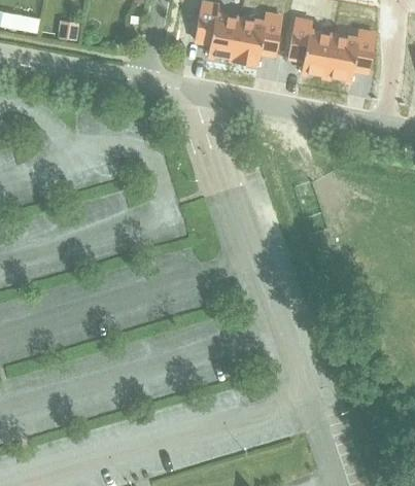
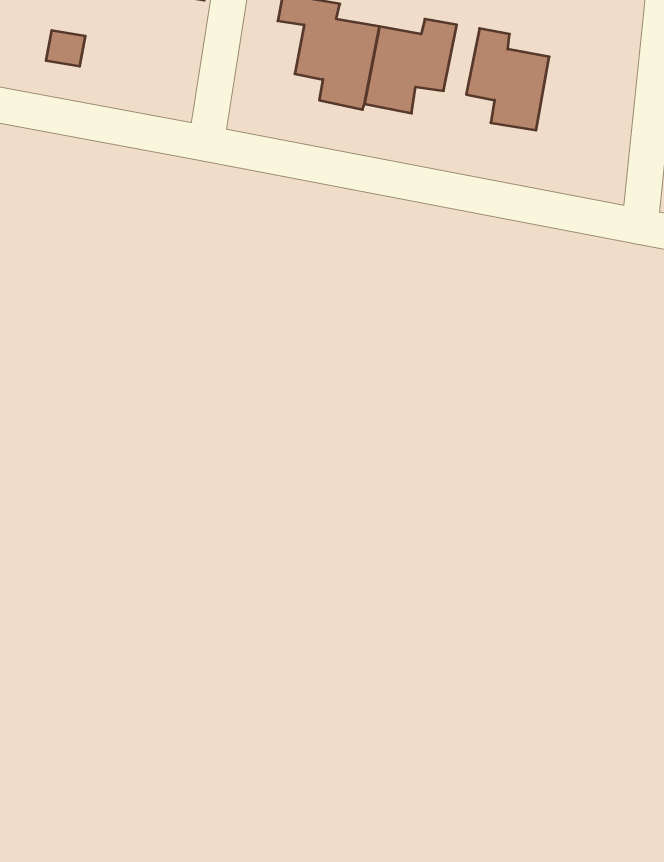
building: [326,31,376,80] -> none

